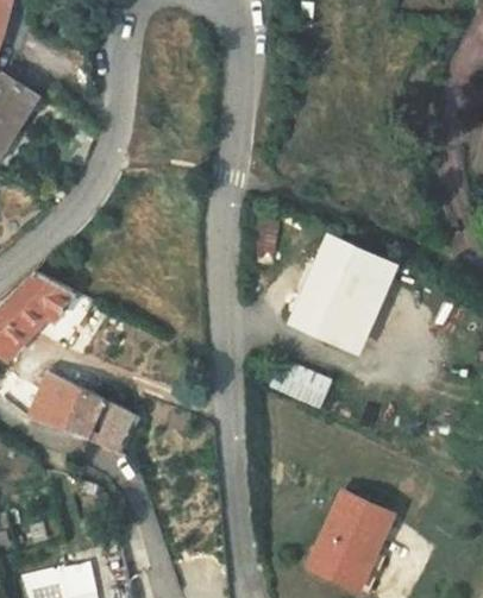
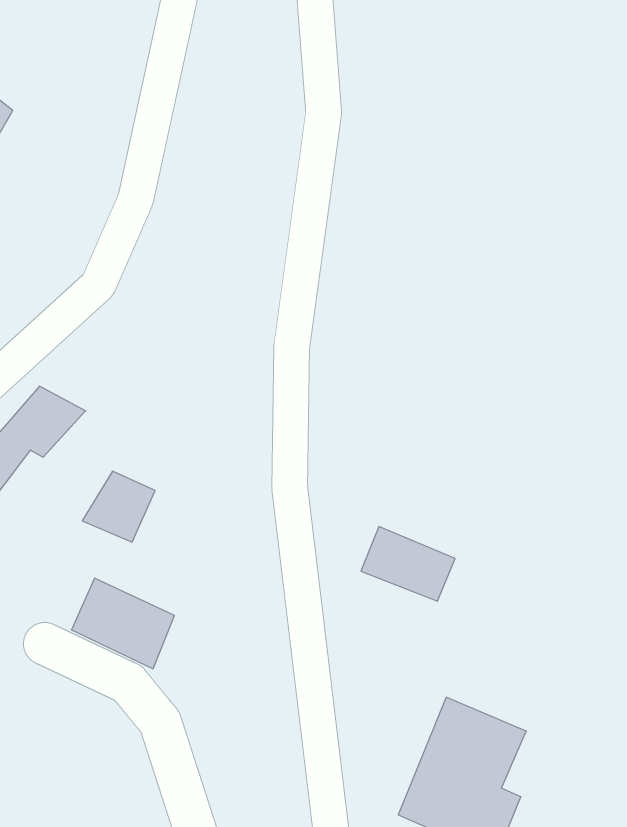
building: [295,248,389,354] -> none
building: [44,388,93,435] -> [82,471,155,542]

